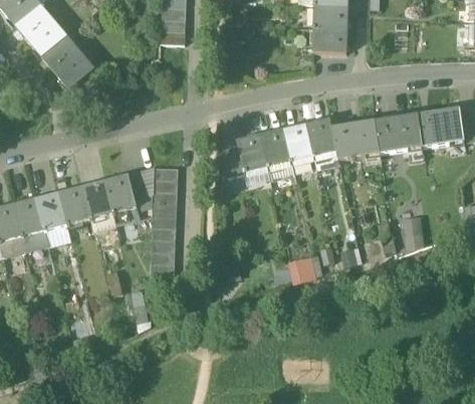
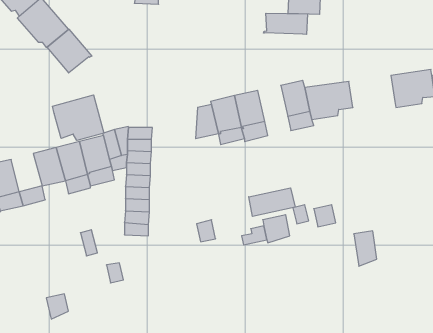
building: none -> [264,13,308,34]
building: none -> [47,29,92,73]
building: [375,114,421,152] -> none
building: [283,124,313,160] -> none
building: none -> [52,95,104,140]
building: [36,192,67,230] -> none
building: [401,214,424,249] -> [354,231,377,266]
building: none -> [249,188,295,216]

